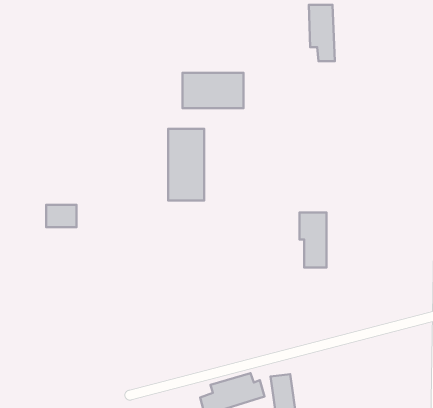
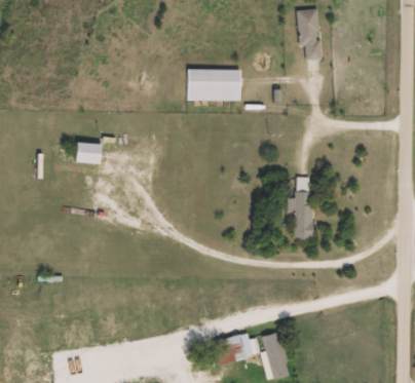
building: [168,129,204,200] -> none
building: [46,205,77,227] -> [75,143,102,162]

